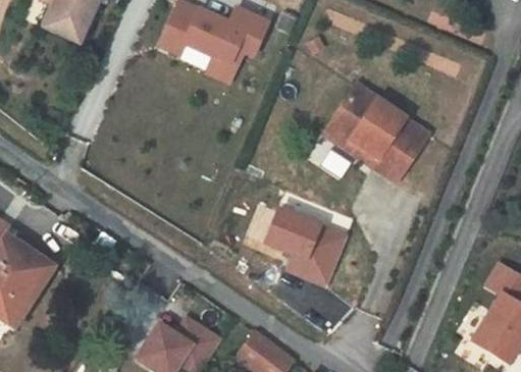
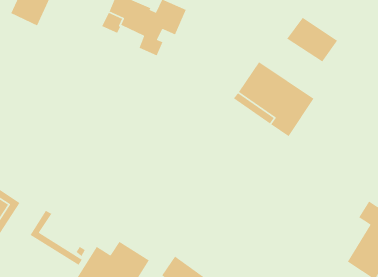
building: none -> [286,17,338,62]
building: [257,206,348,288] -> none
building: none -> [30,210,83,266]

